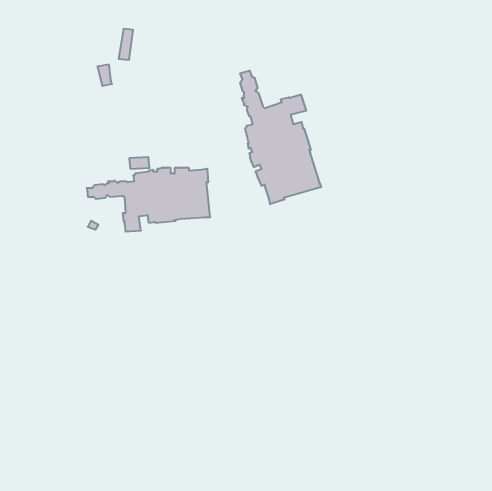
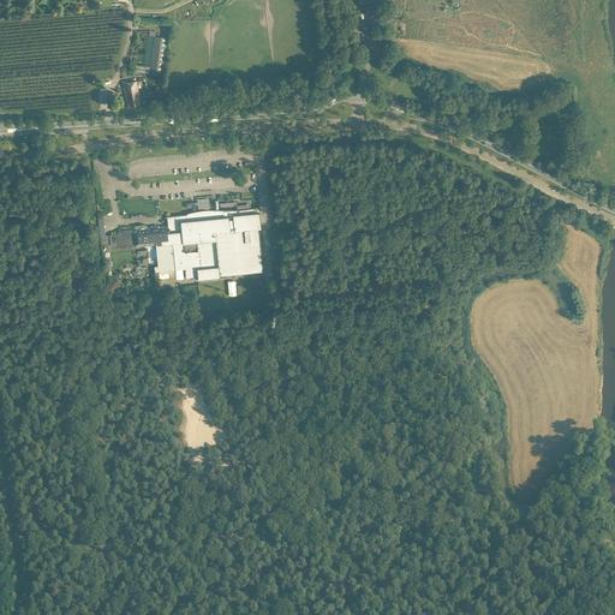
building: [240,71,321,204] -> none

